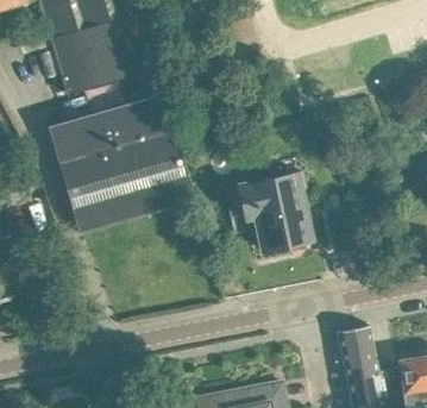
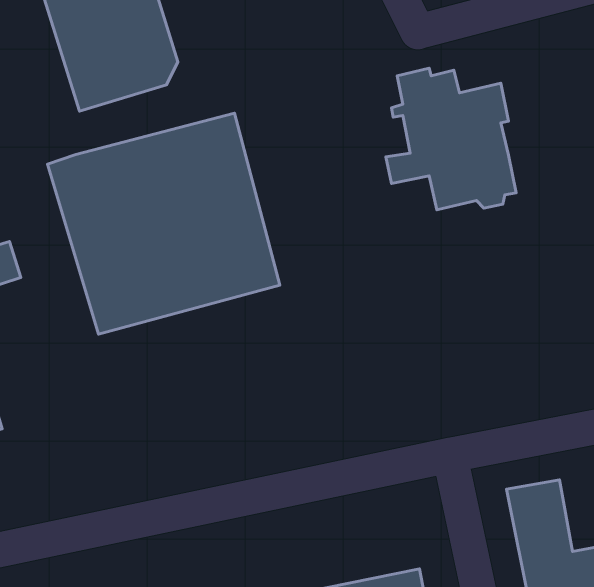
building: [230,161,312,250] -> [386,68,516,210]

